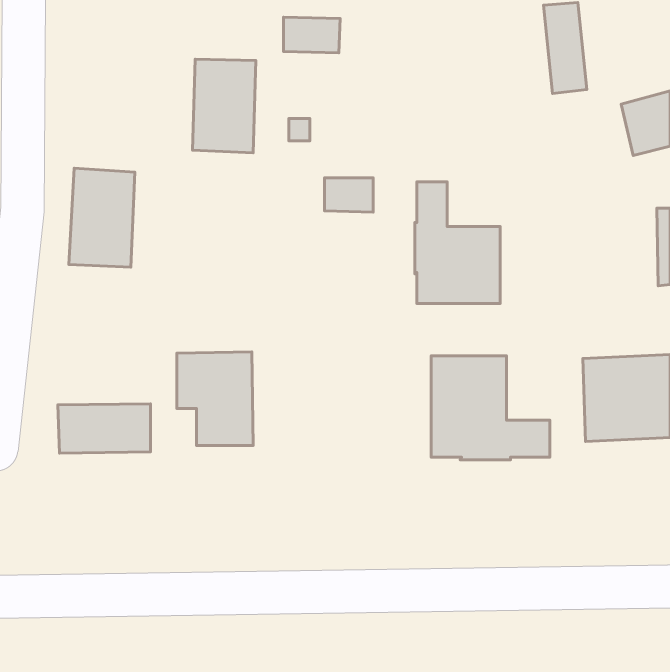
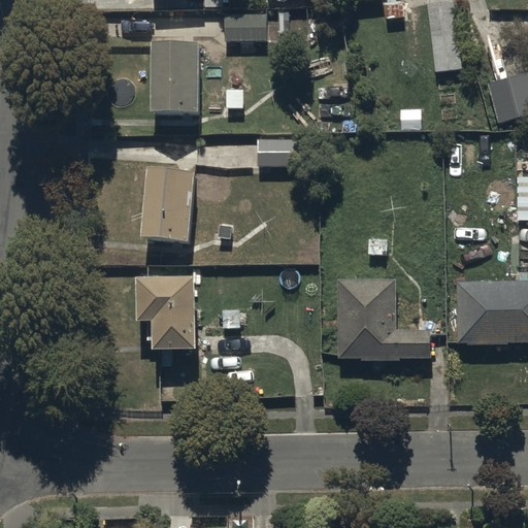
building: [69,168,135,267] -> [144,164,196,241]
building: [415,182,500,303] -> none
building: [58,404,151,453] -> none

